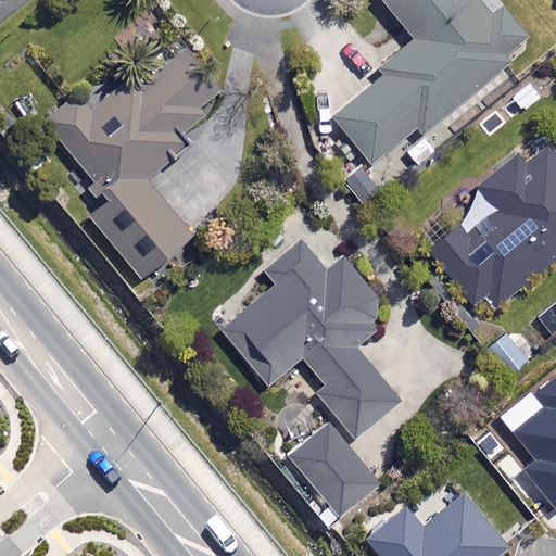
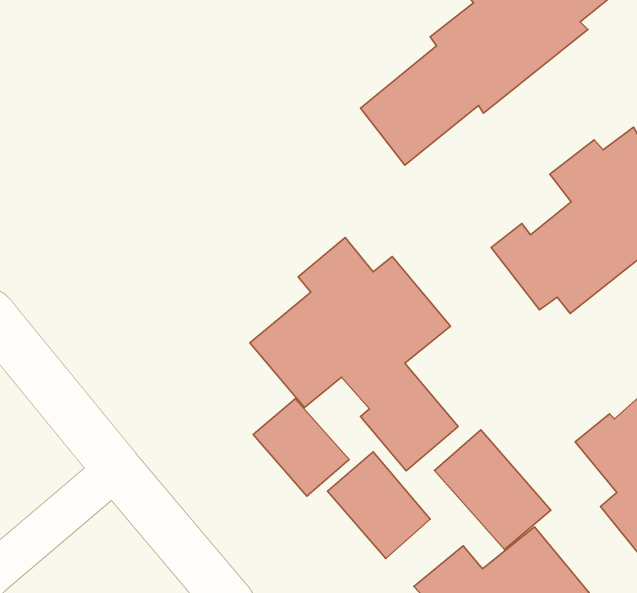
building: [43,43,228,279] -> none
building: none -> [253,399,349,496]
building: none -> [435,430,551,550]

